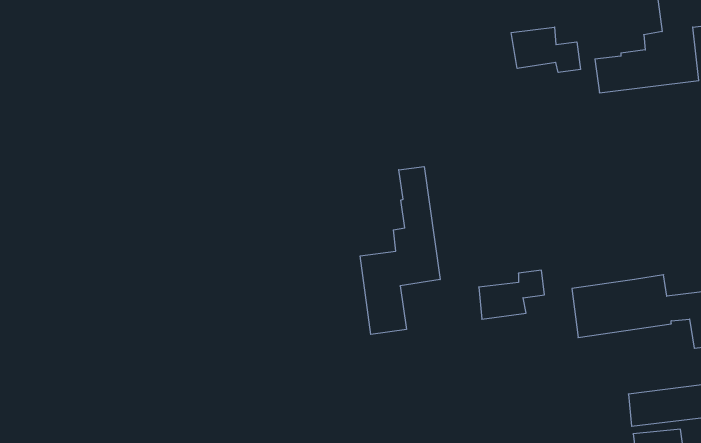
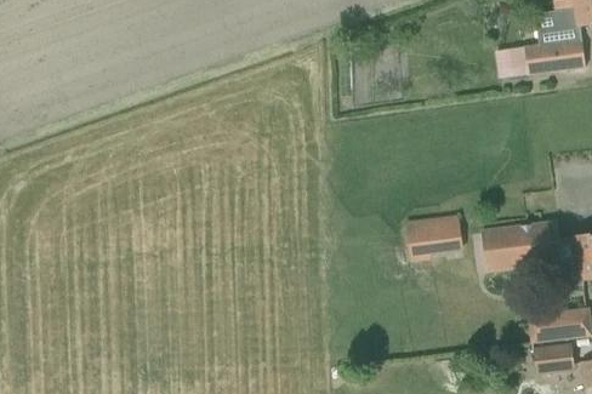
building: [511,27,581,72] -> none
building: [360,167,440,334] -> none

